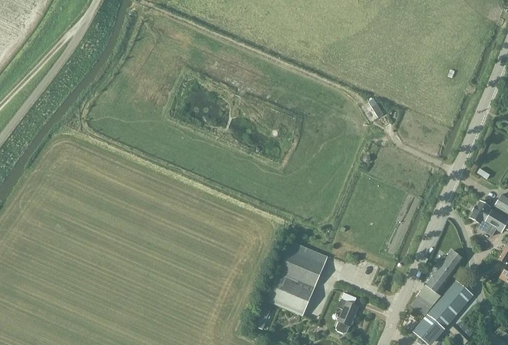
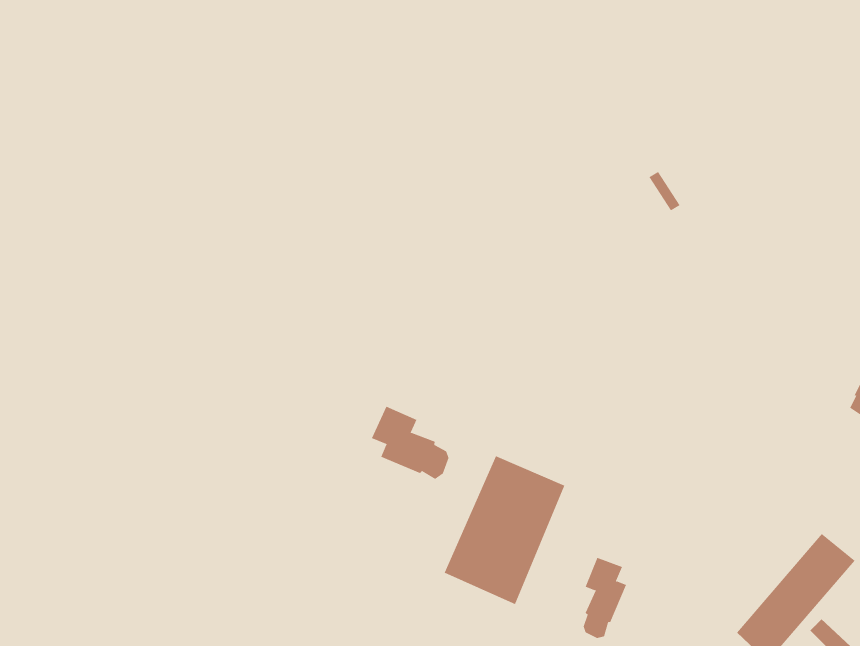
building: none -> [371,406,449,480]
building: [412,250,464,314] -> none

